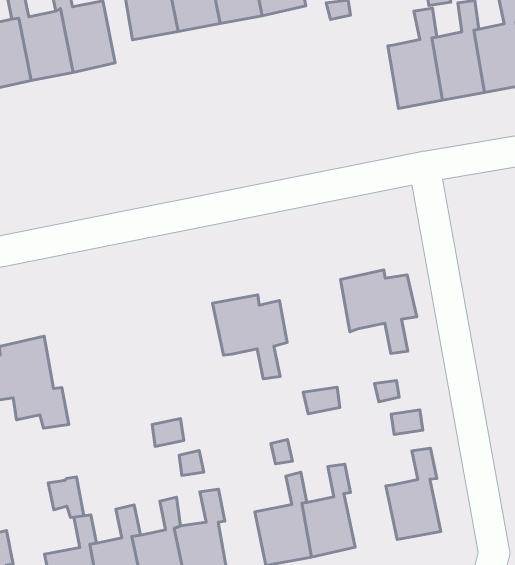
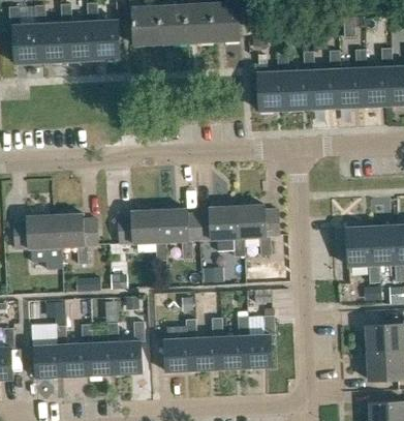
building: none -> [258,54,287,111]
building: none -> [197,207,243,258]
building: none -> [117,210,165,261]
building: none -> [54,214,96,265]
building: none -> [219,317,249,368]

